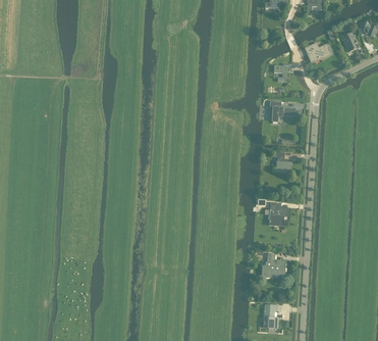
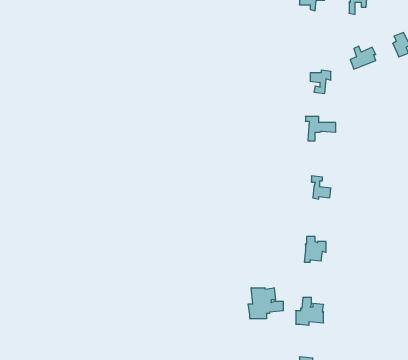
building: none -> [248,288,283,319]

